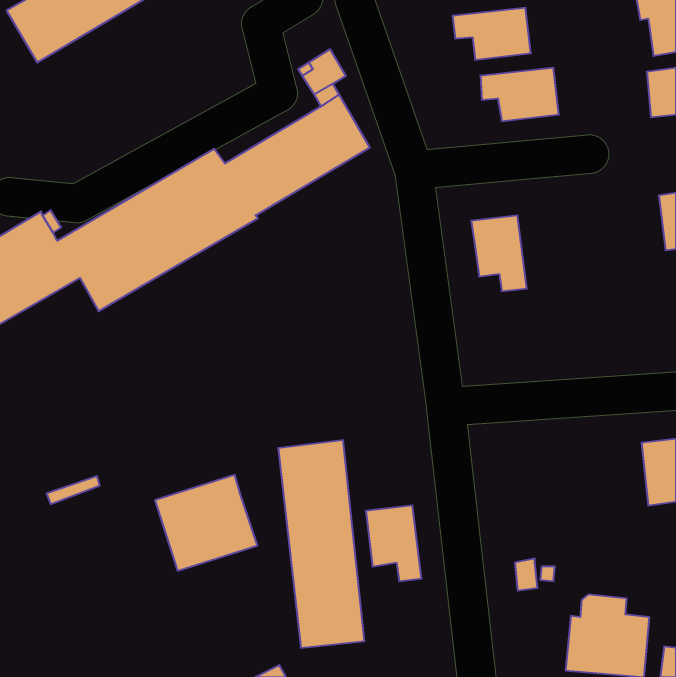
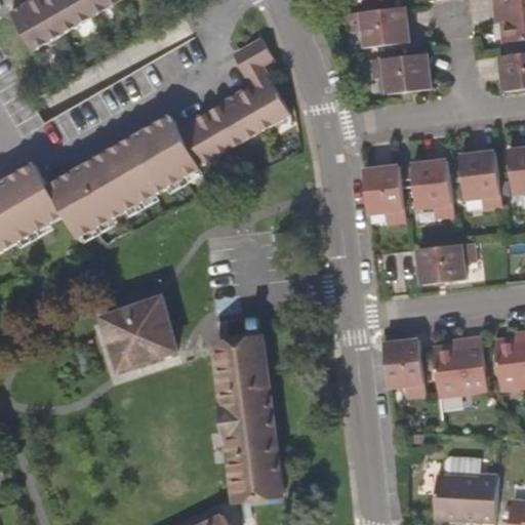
building: none -> [459,152,501,210]
building: none -> [411,160,454,218]
building: none -> [418,242,476,284]
building: none -> [433,336,486,397]
building: [155,475,257,571] -> [100,295,179,369]
building: [366,505,422,581] -> [386,344,429,402]

